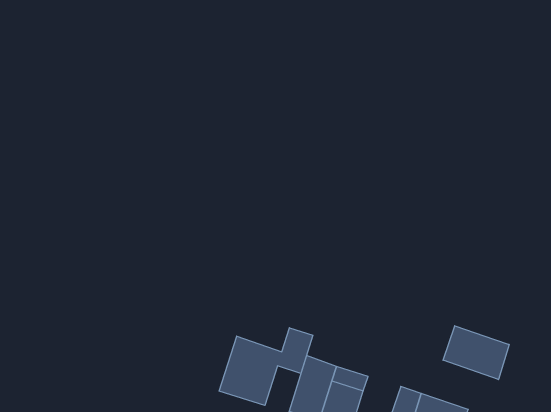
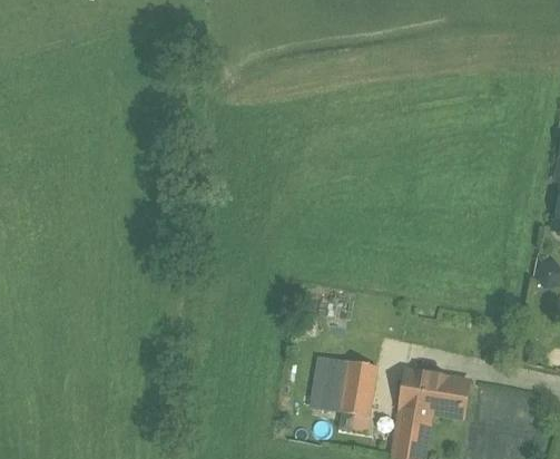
building: [443,326,509,380] -> none
building: [219,328,313,405] -> none

